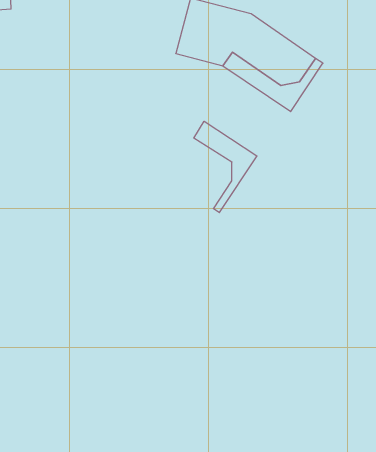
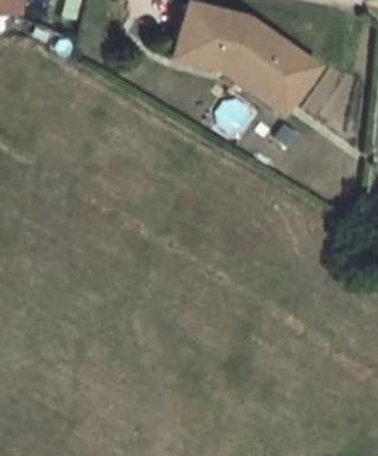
building: [194,121,257,213] -> none

